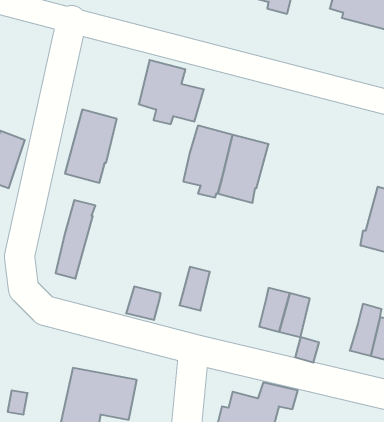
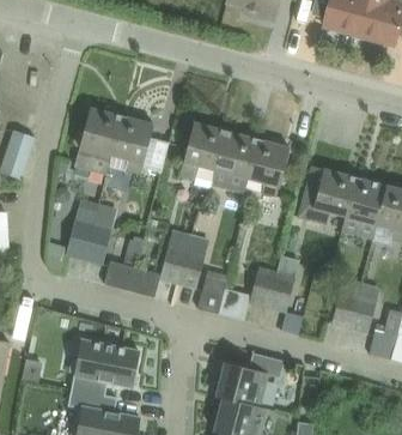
building: [139,60,204,124] -> [111,116,170,174]
building: none -> [246,139,290,198]
building: none -> [298,167,355,223]
building: none -> [84,204,117,265]
building: none -> [104,236,142,291]
building: none -> [159,244,187,284]
building: none -> [197,276,226,314]

